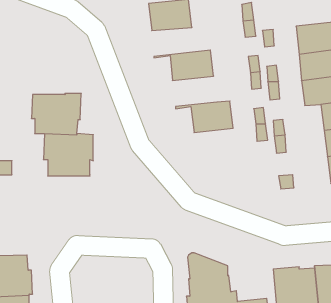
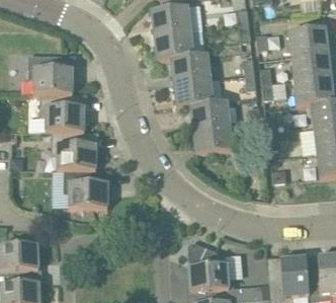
building: none -> [154,32,208,60]
building: none -> [29,56,76,95]
building: none -> [173,78,215,106]
building: none -> [193,127,233,155]
building: none -> [64,170,111,210]

